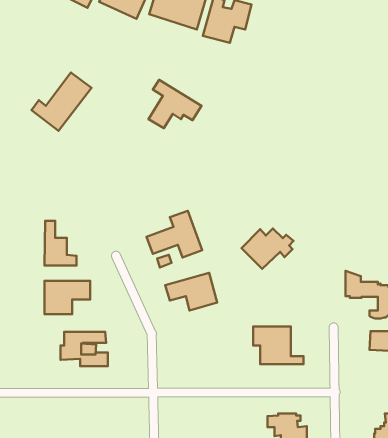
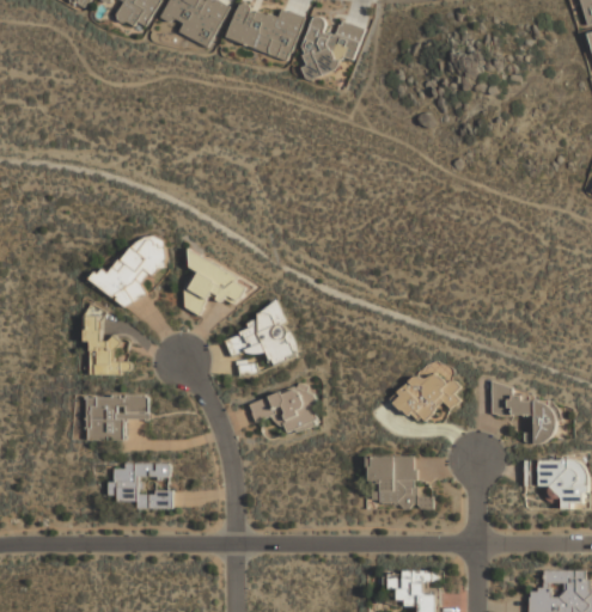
building: [32,72,92,131] -> [91,230,171,307]
building: [149,80,201,128] -> [178,250,249,314]
building: [242,228,293,269] -> [392,371,462,424]

